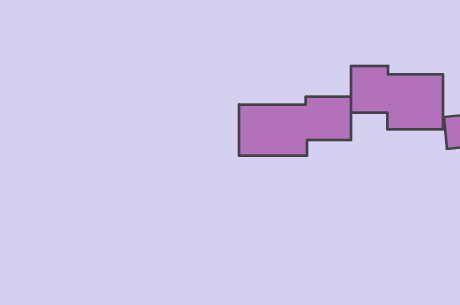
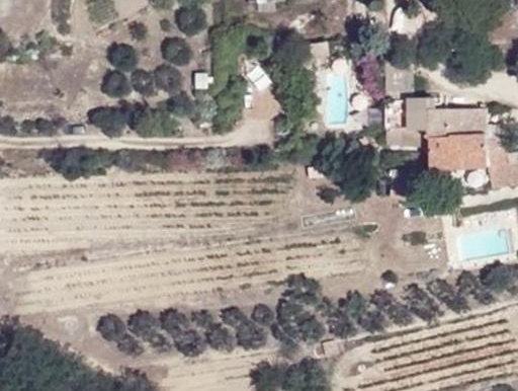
building: [239,97,351,156] -> none

